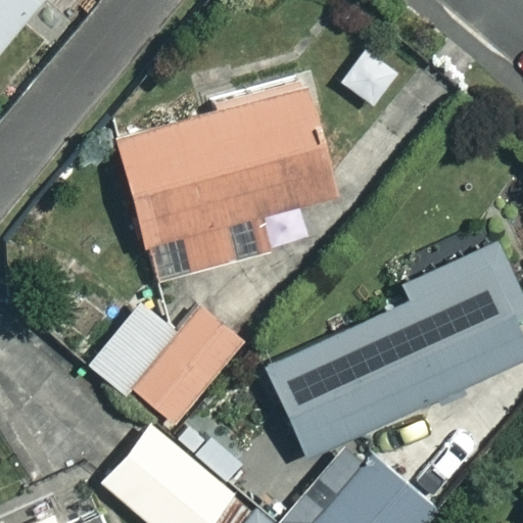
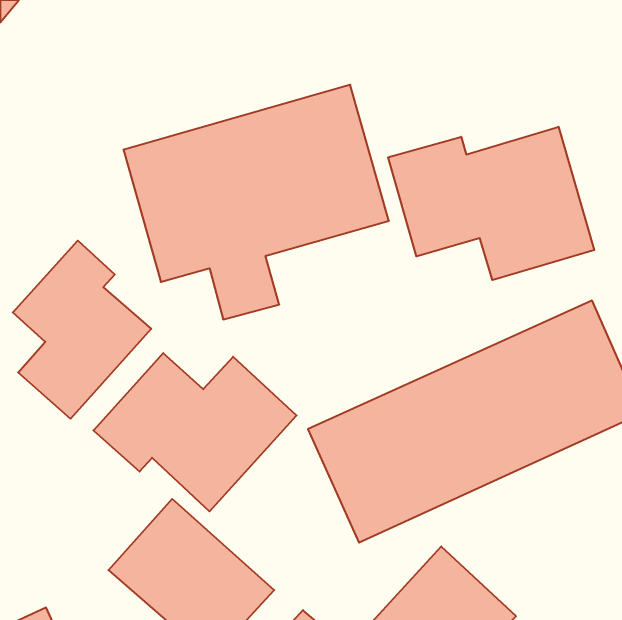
building: none -> [388,127,594,280]
building: none -> [13,241,151,419]

